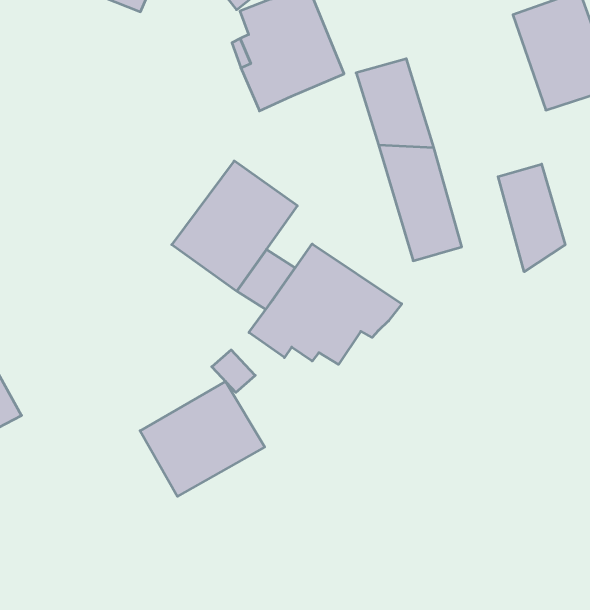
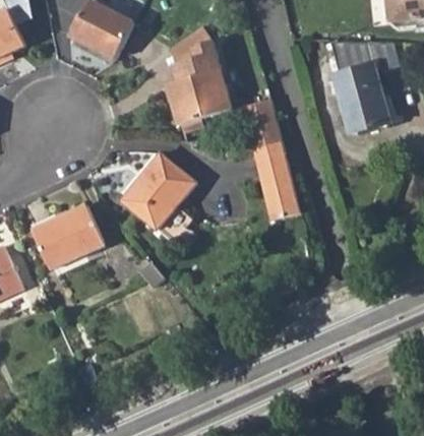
building: [498,164,565,272] -> none
building: [249,244,402,364] -> none
building: [140,381,265,496] -> [36,206,109,272]

